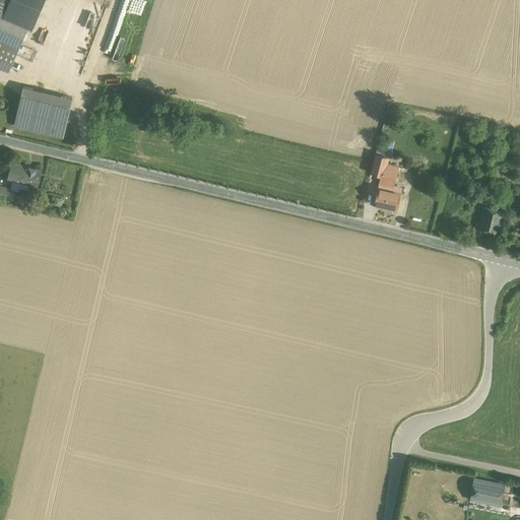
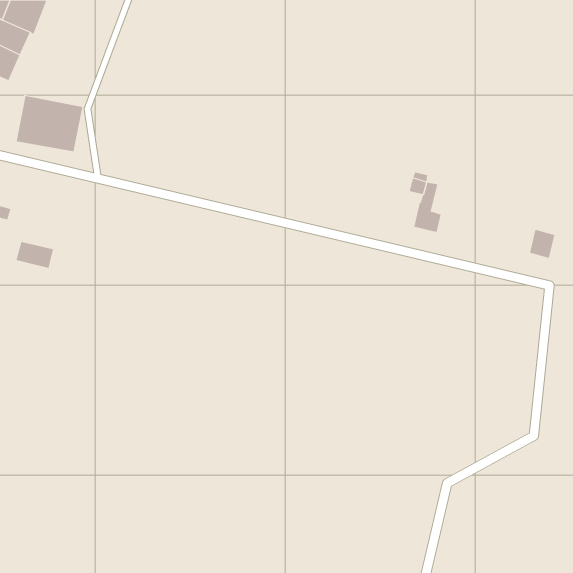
building: [6,162,41,188] -> [16,240,54,268]
building: [467,479,505,507] -> none

